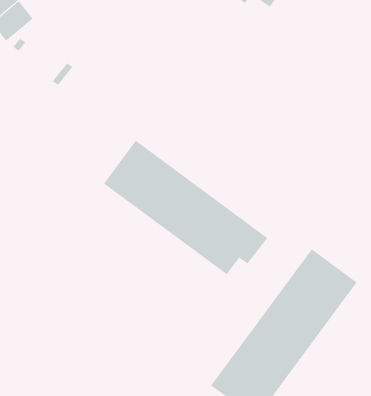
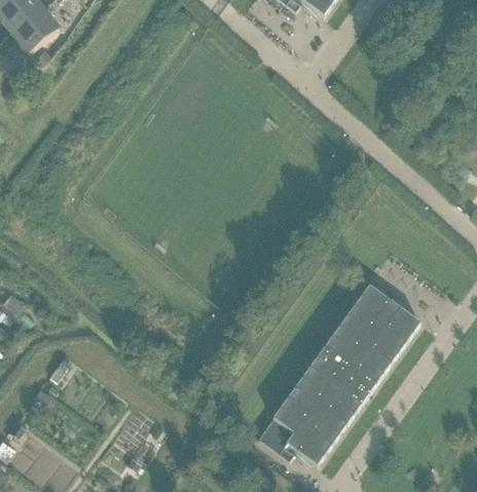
building: [103,140,268,275] -> none

